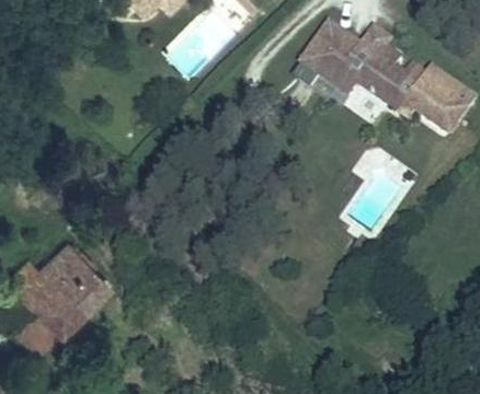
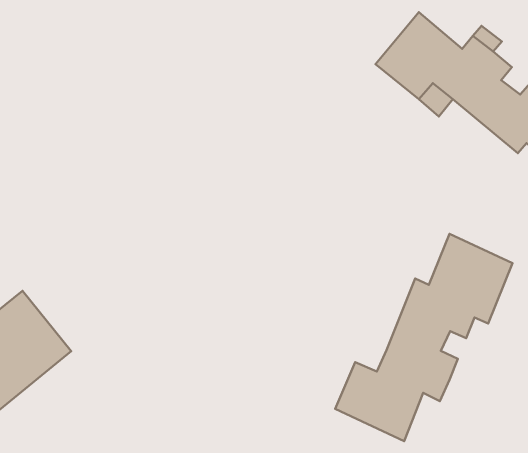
building: none -> [335,234,513,441]

